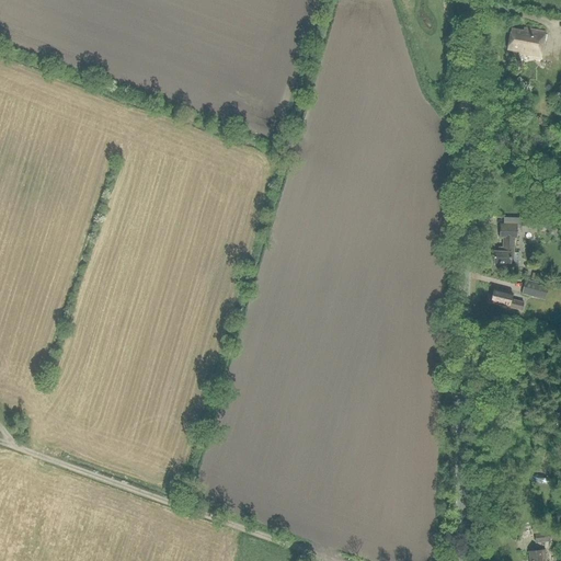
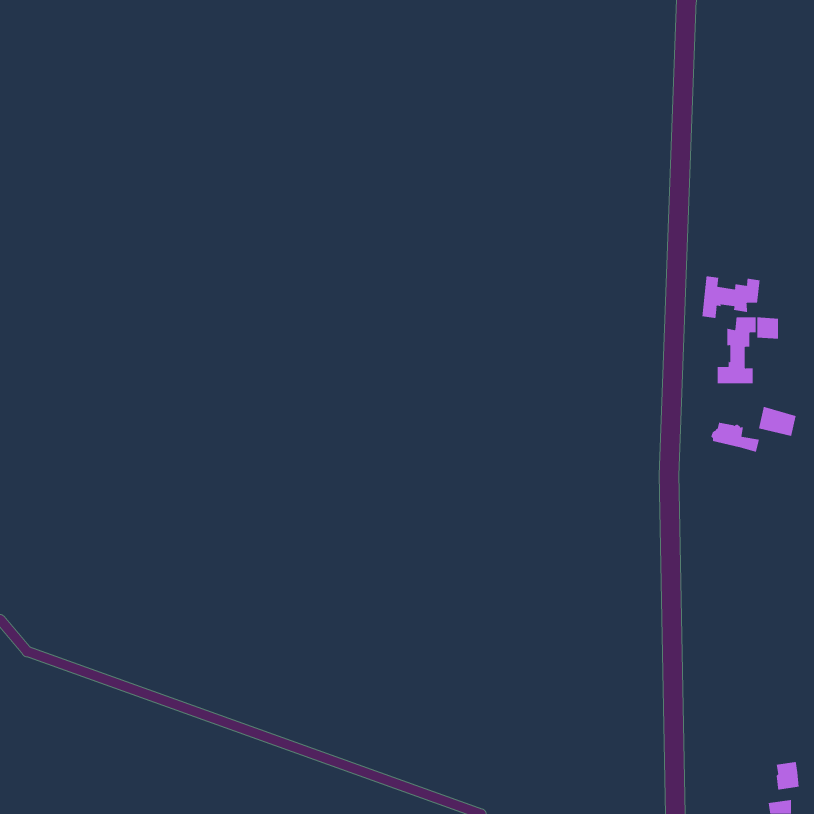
building: [507,30,543,58] -> none
building: none -> [702,275,760,319]

